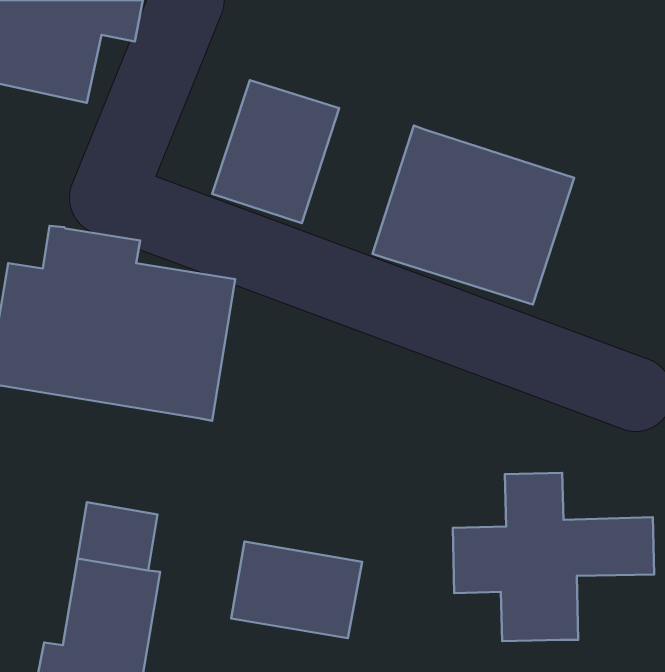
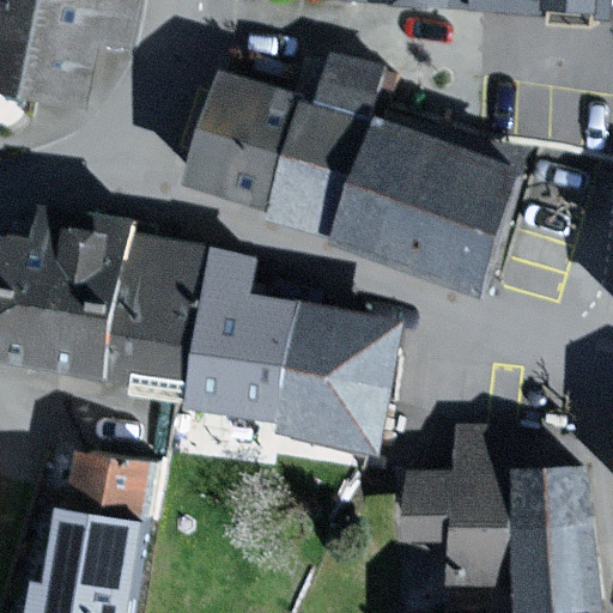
building: none -> [268,63,374,237]
building: none -> [188,260,390,448]
building: [231,542,362,638] -> none
building: none -> [517,524,589,606]

